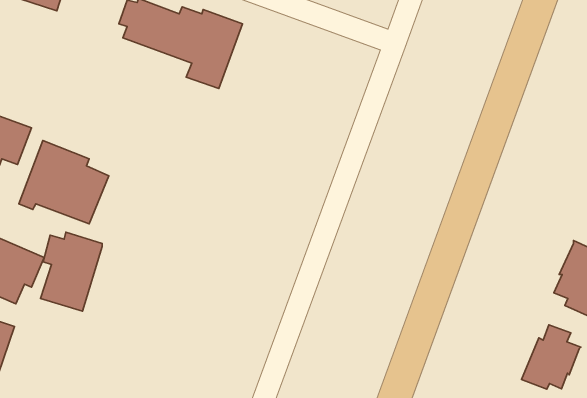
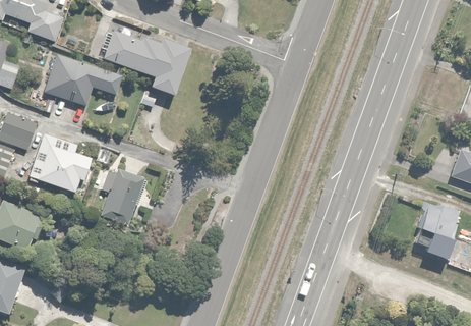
building: none -> [44,56,121,126]
building: [40,232,102,311] -> [100,169,144,226]
building: [521,325,581,389] -> none

